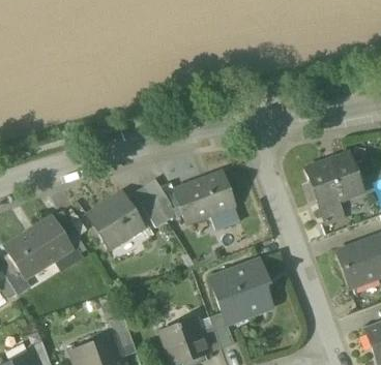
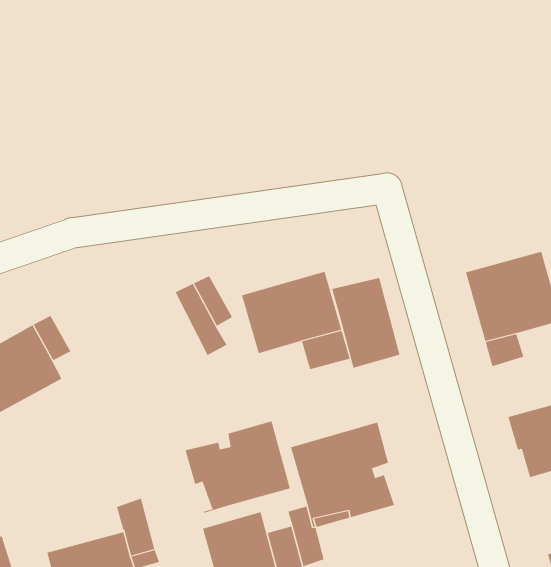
building: none -> [332,277,400,369]
building: [88,191,146,249] -> none
building: none -> [185,420,291,513]

